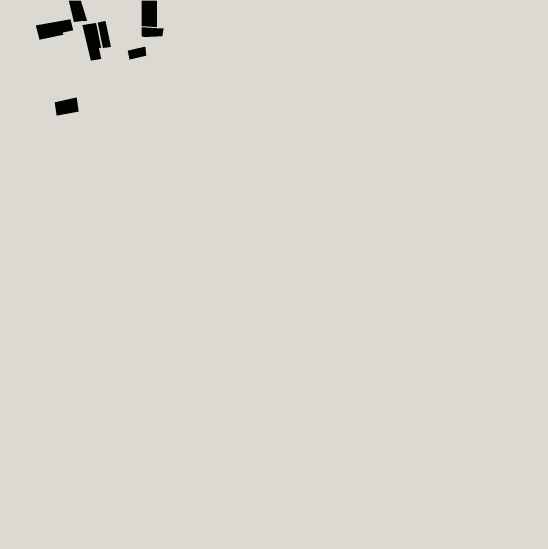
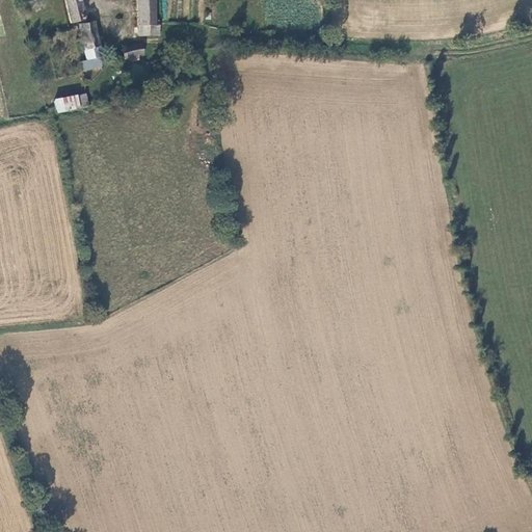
building: [35,18,74,41] -> none

